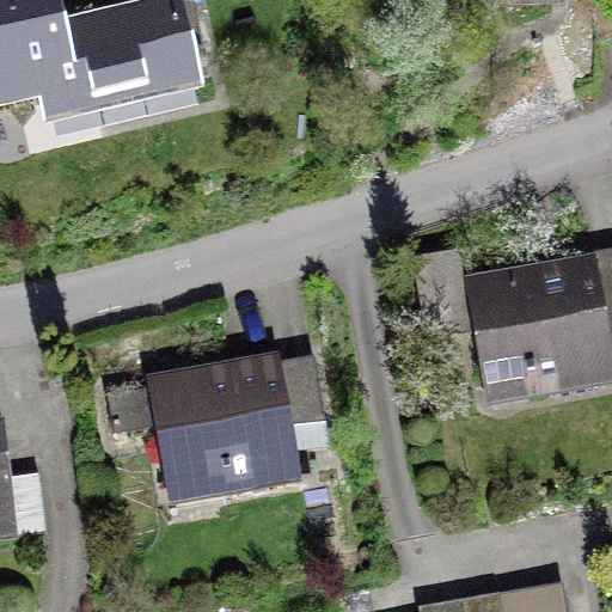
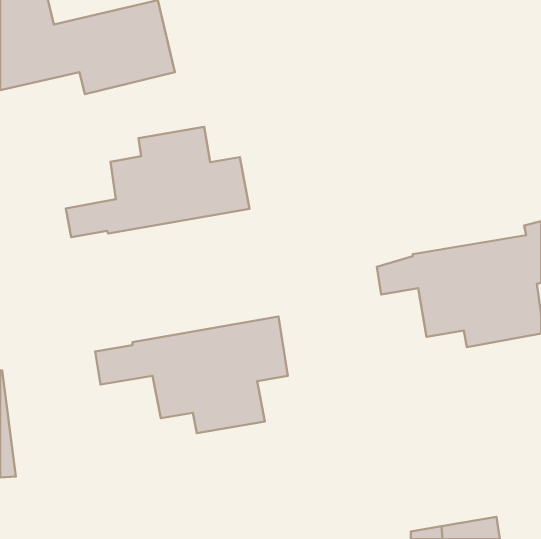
building: none -> [66,127,250,237]

